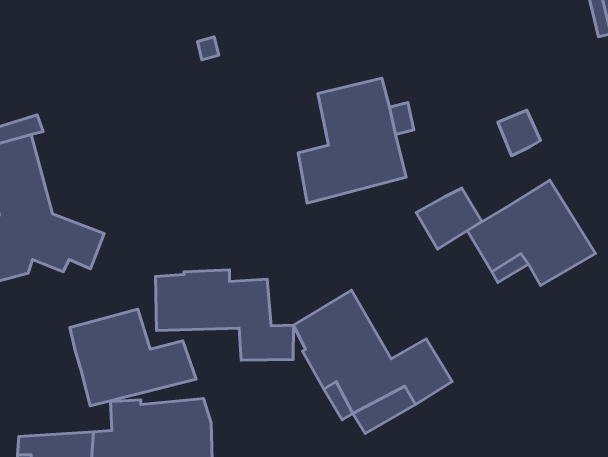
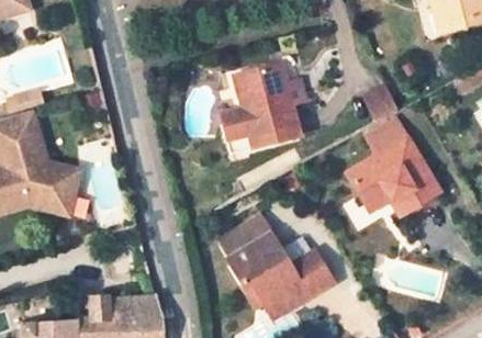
building: [416,188,482,249] -> [358,114,405,158]
building: [156,270,293,360] -> none
building: [70,309,196,406] -> none

